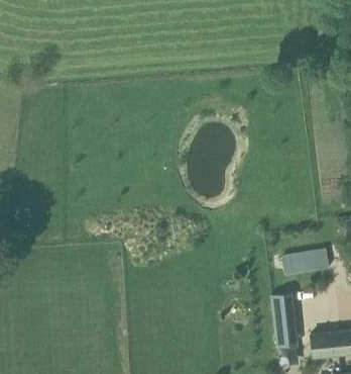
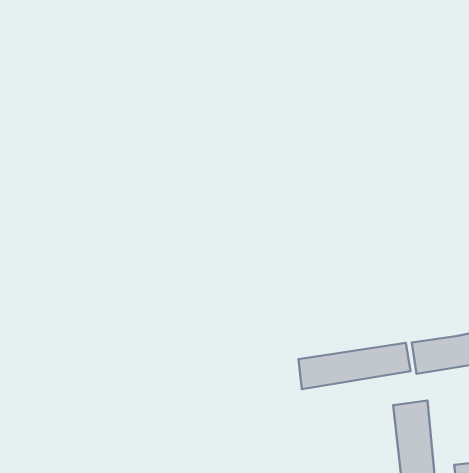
building: none -> [299,343,411,389]

